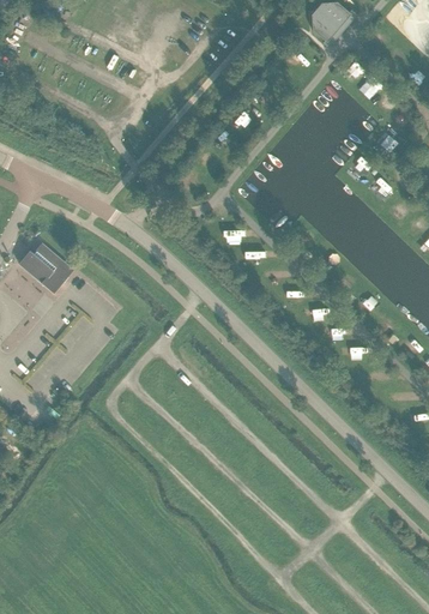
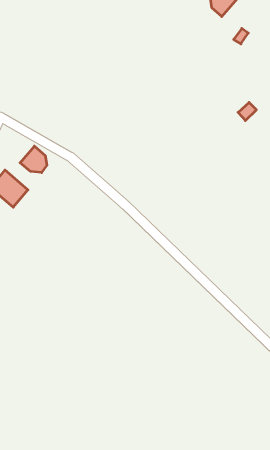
building: none -> [20,146,47,173]

